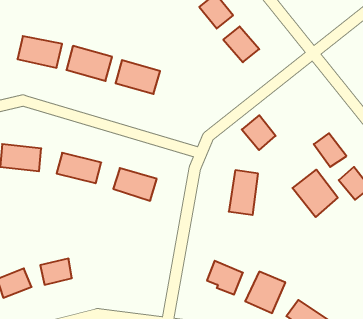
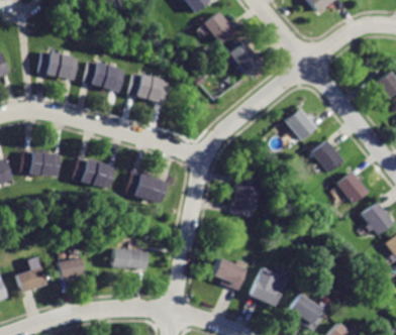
building: [242,115,276,150] -> [283,109,314,141]
building: [292,170,338,217] -> none
building: none -> [113,247,150,269]

